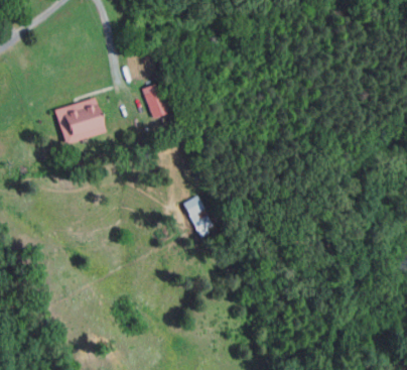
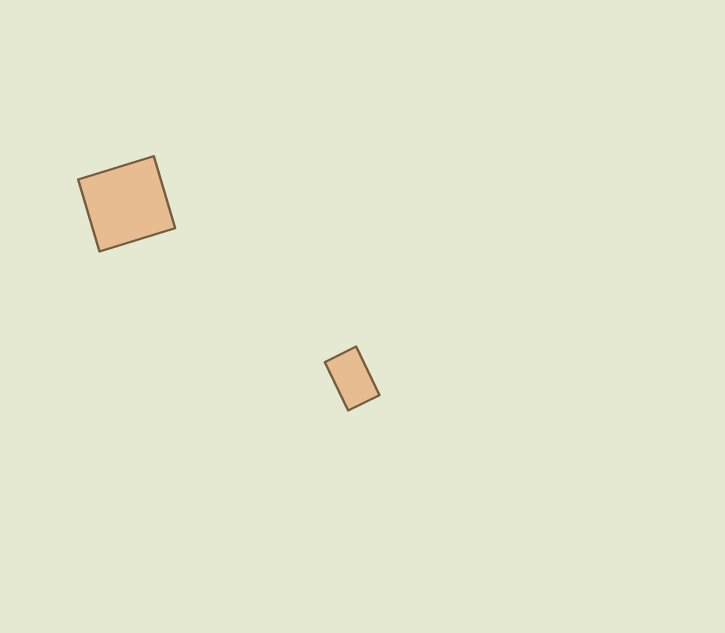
building: [145,89,172,121] -> none

